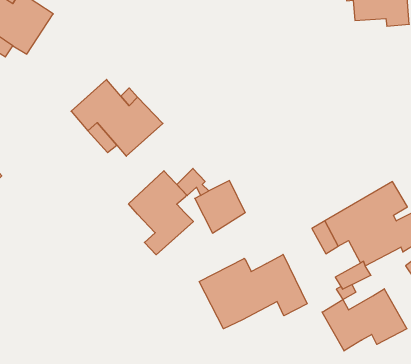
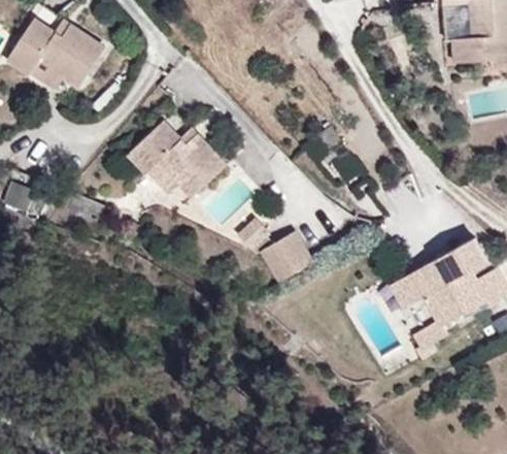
building: [129,171,193,255] -> none
building: [199,254,307,329] -> none
building: [322,289,407,351] -> none

